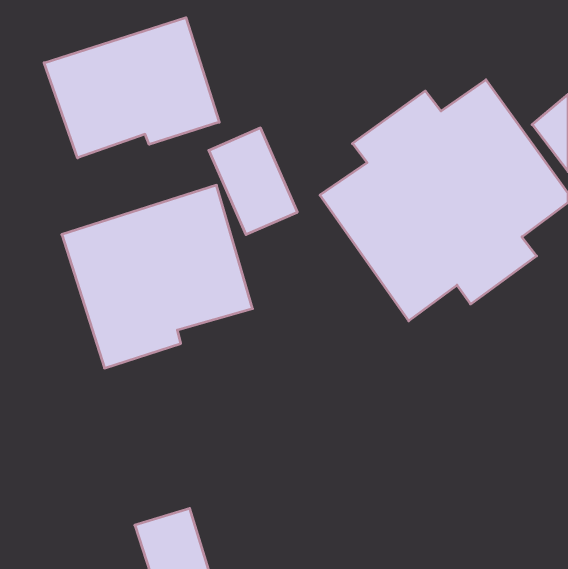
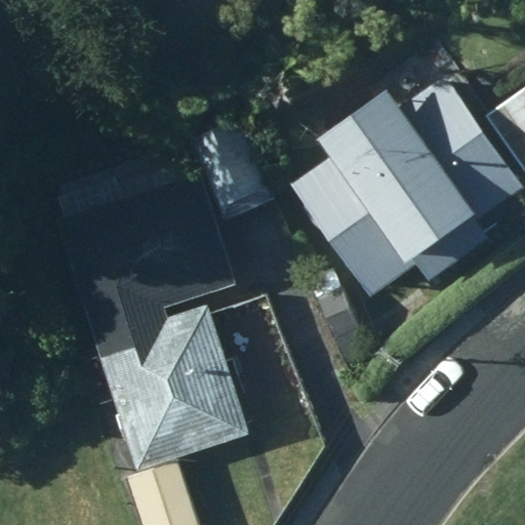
building: [44,18,219,158] -> none
building: none -> [95,307,248,469]

